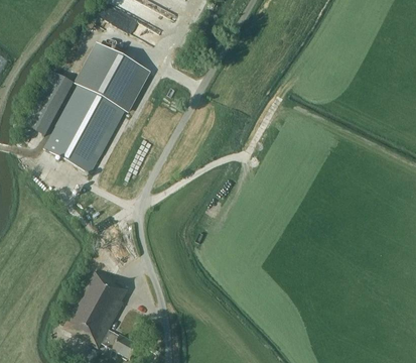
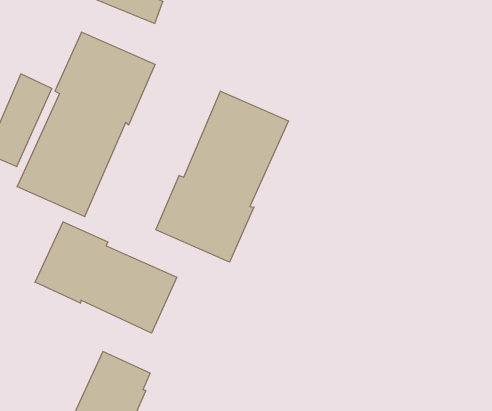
building: none -> [156,91,288,262]
building: none -> [35,222,177,333]

